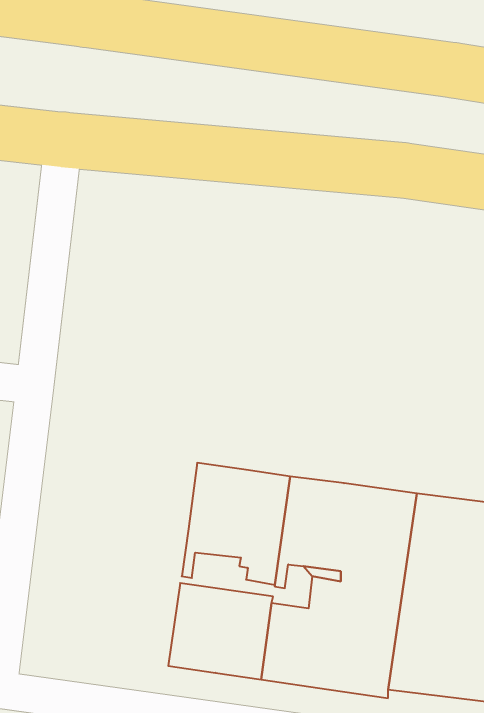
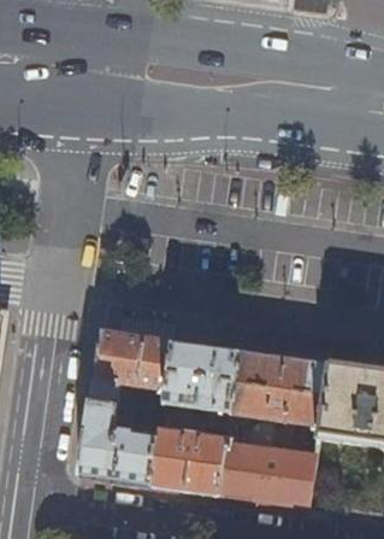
building: none -> [78,332,172,486]

